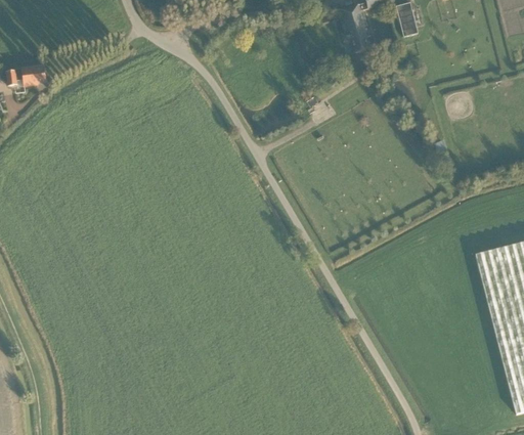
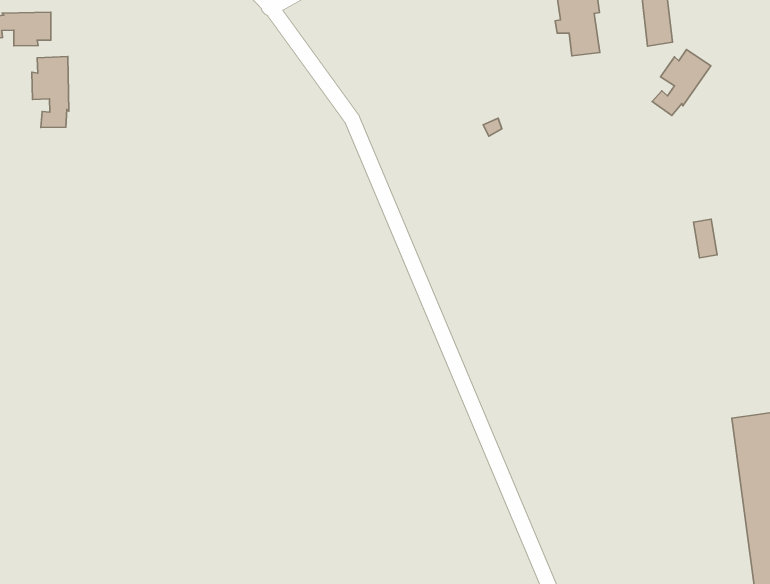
building: none -> [652,49,711,116]
building: none -> [32,57,69,127]

